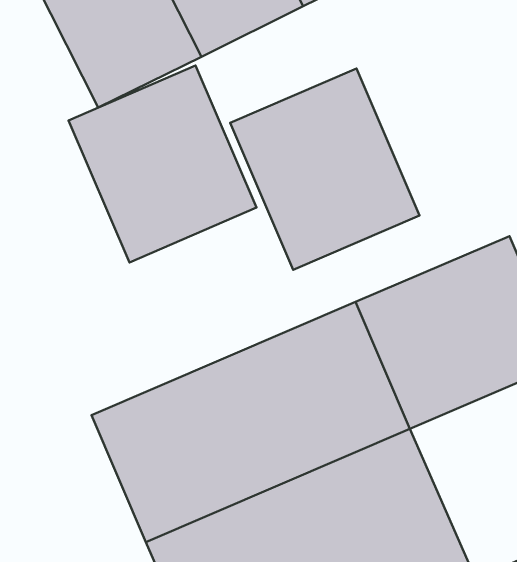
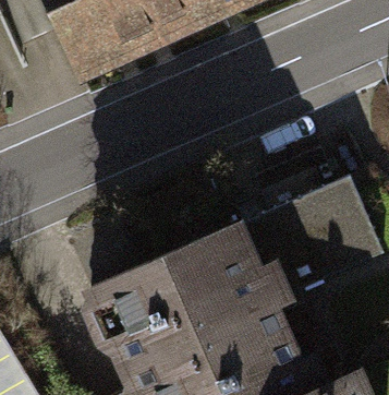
building: [68,66,257,262] -> none
building: [230,68,420,270] -> none

